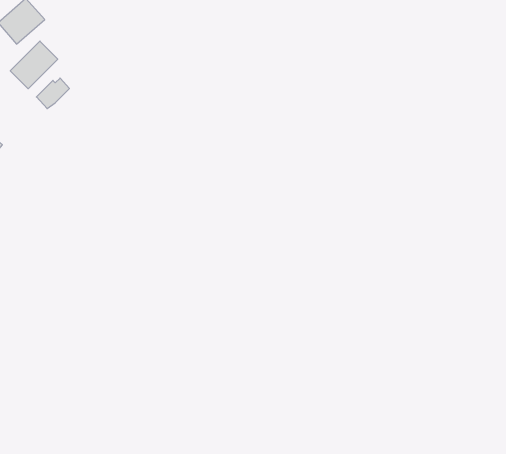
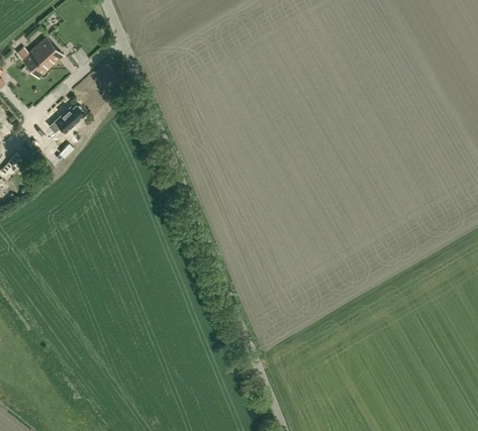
building: [10,41,58,89] -> none

